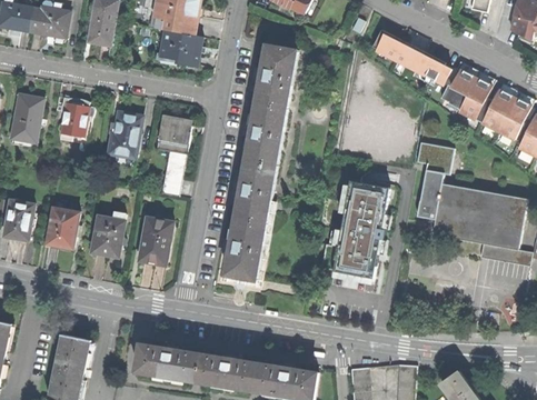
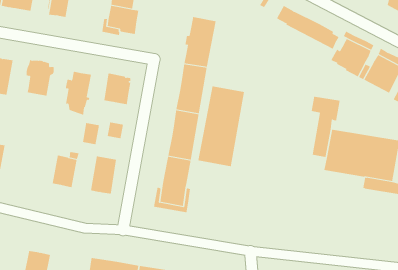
building: [163,150,186,178] -> [82,122,100,145]
building: [329,178,388,279] -> [198,86,245,167]
building: [47,207,79,248] -> none

